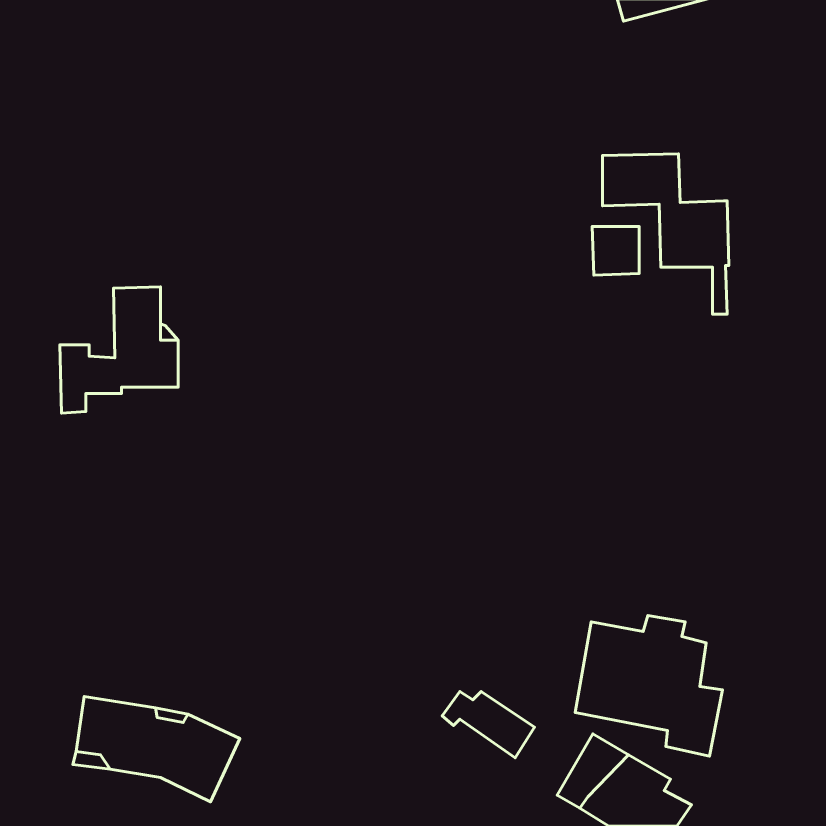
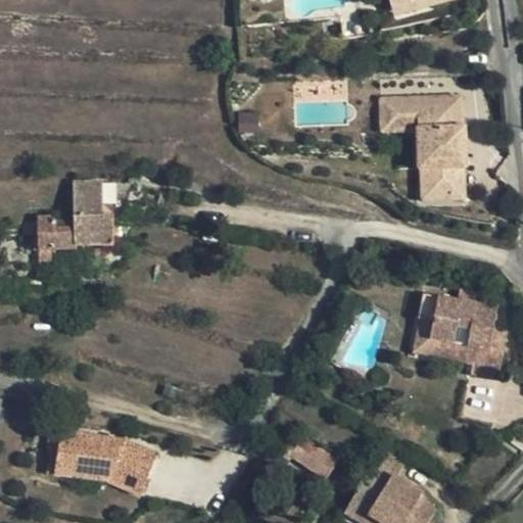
building: none -> [429,96,458,128]
building: [592,226,639,275] -> [421,169,450,199]
building: [575,615,722,756] -> [415,289,508,378]

